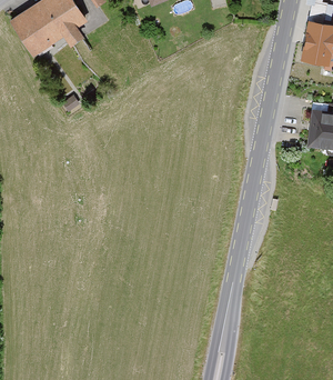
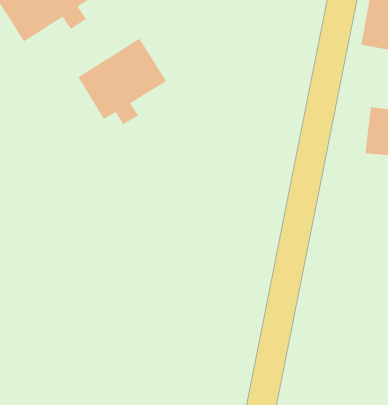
building: none -> [78,38,167,125]

